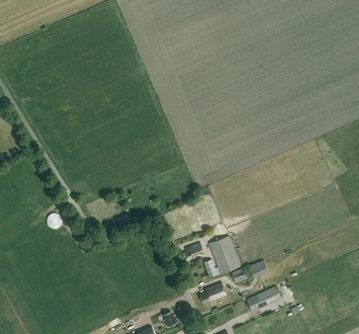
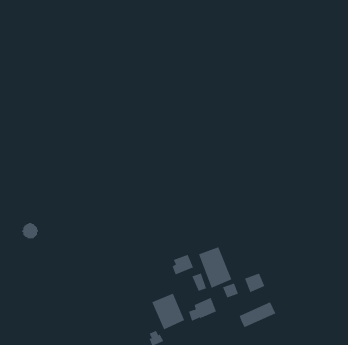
building: none -> [152,293,185,330]

